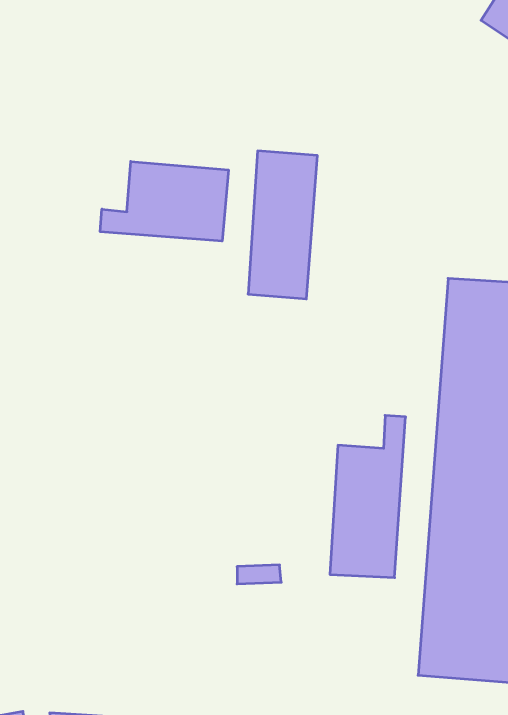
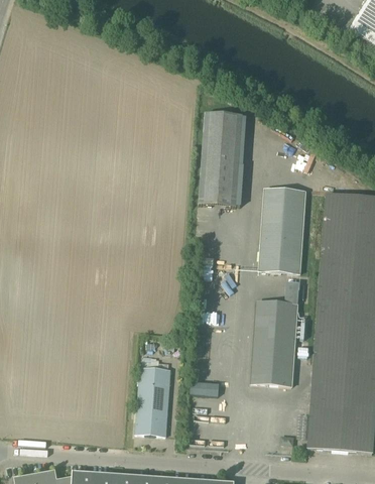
building: [100,161,228,241] -> none
building: none -> [258,189,305,273]
building: none -> [135,366,169,435]

